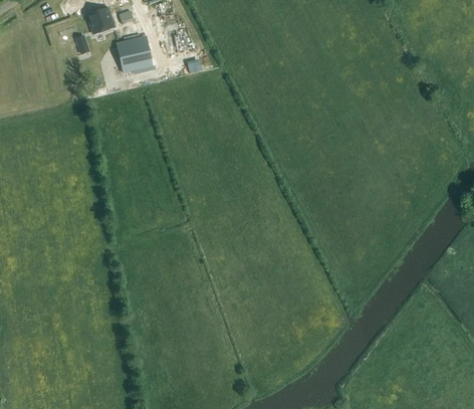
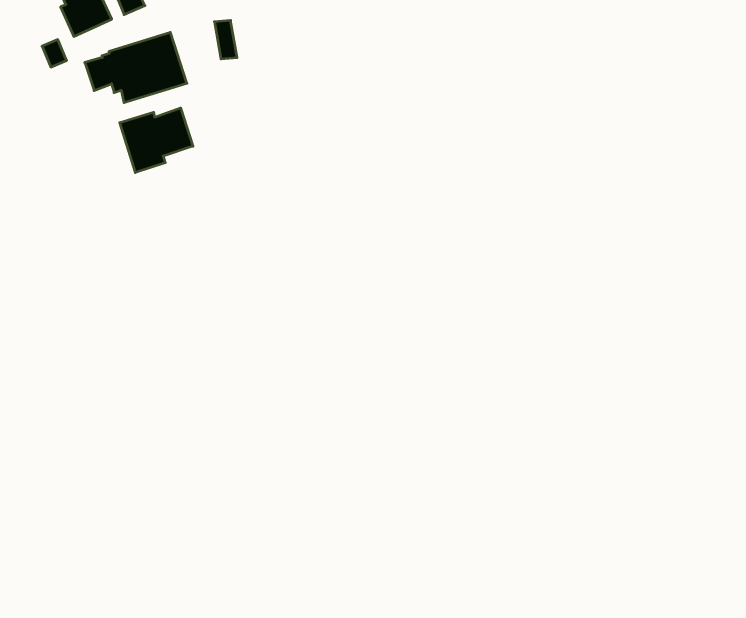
building: none -> [120,108,193,173]

